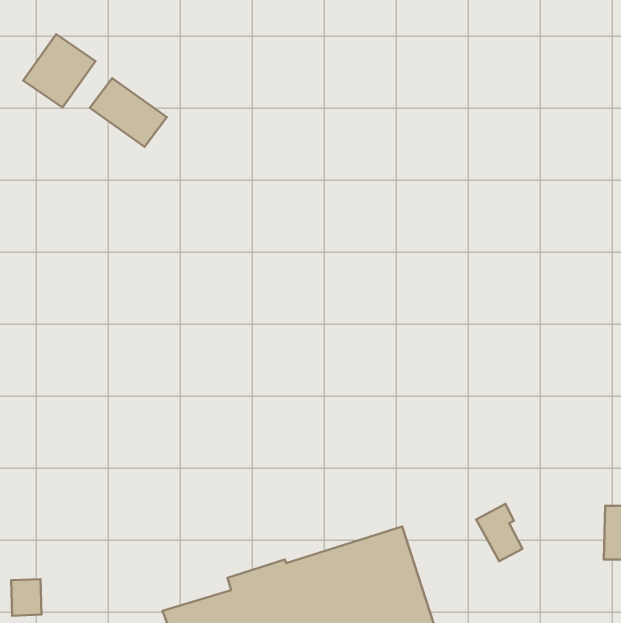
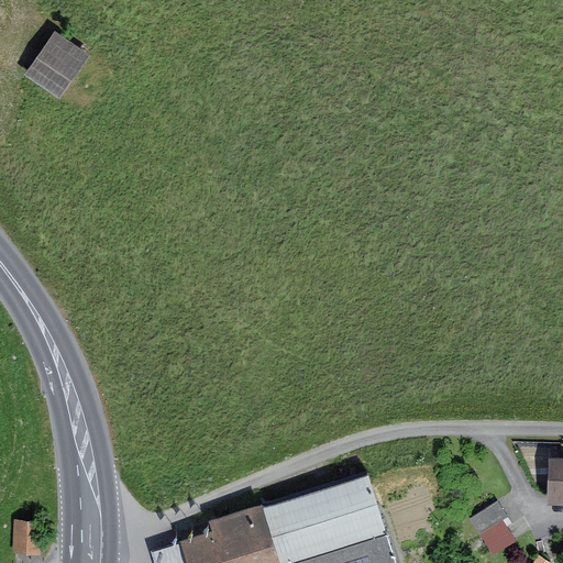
building: [90,78,167,147] -> none
building: [476,504,523,561] -> [472,505,514,556]

